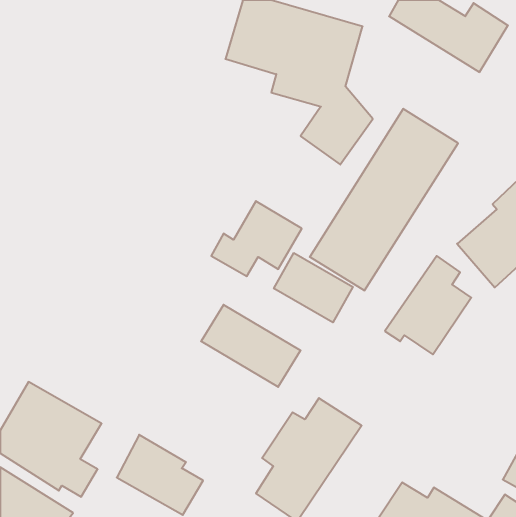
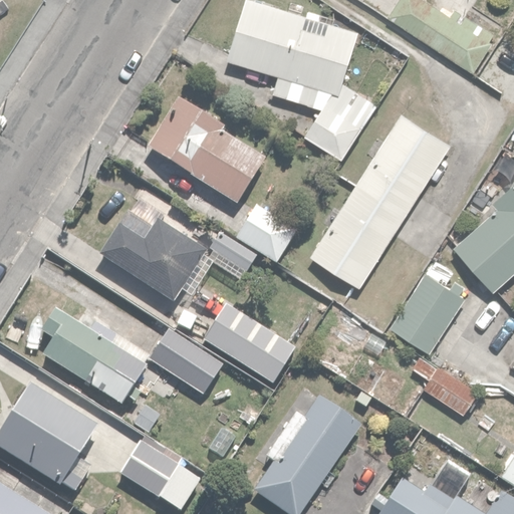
building: none -> [146,85,263,202]
building: none -> [98,207,218,310]
building: [274,253,353,322] -> none
building: none -> [39,308,147,405]
building: none -> [150,327,227,396]
building: none -> [411,349,479,412]

